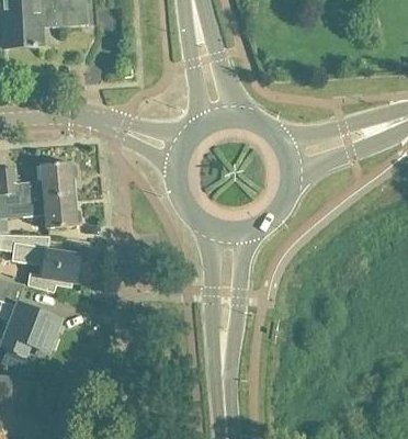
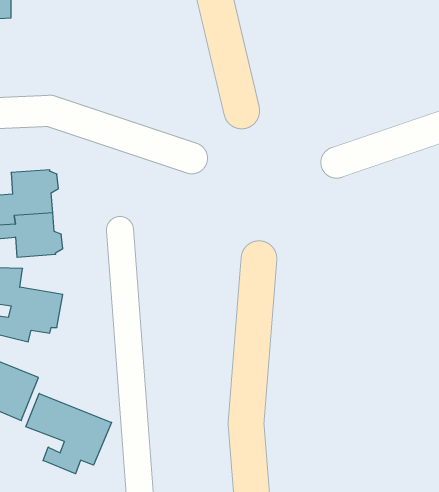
building: none -> [26,393,112,474]

